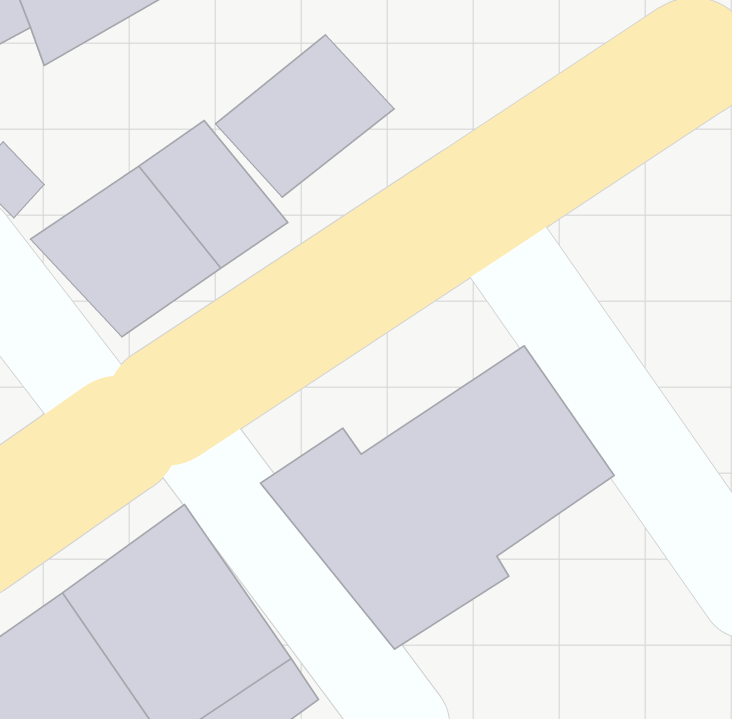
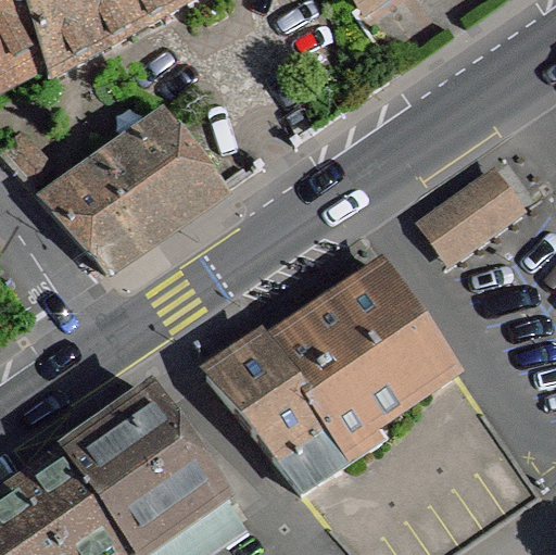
building: [215,35,394,197] -> none
building: none -> [417,166,521,258]

